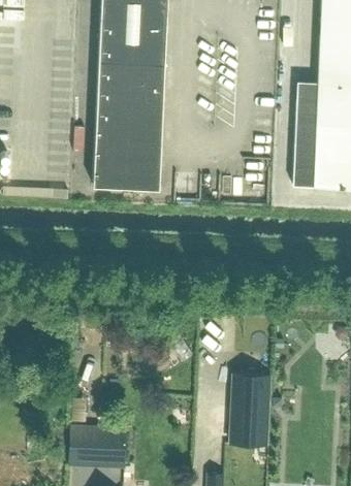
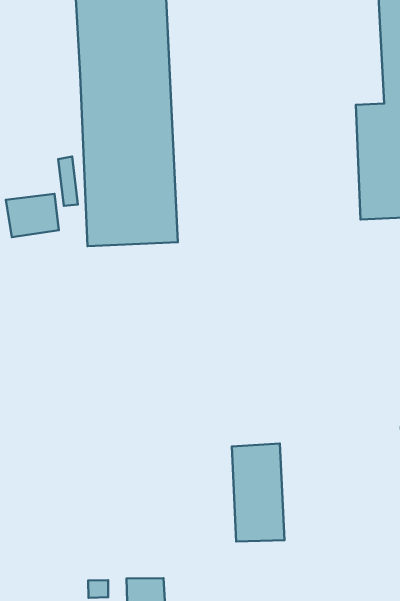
building: none -> [6,194,59,237]
building: [231,374,269,445] -> [232,444,284,542]

